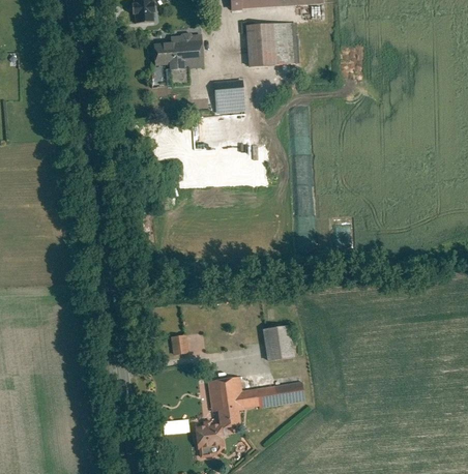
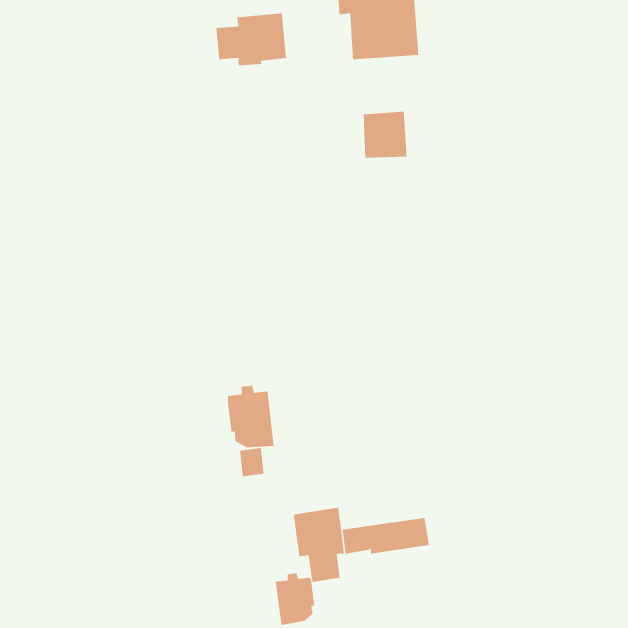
building: [213,81,244,114] -> [363,111,408,159]
building: none -> [227,385,274,448]
building: [264,326,294,361] -> none

